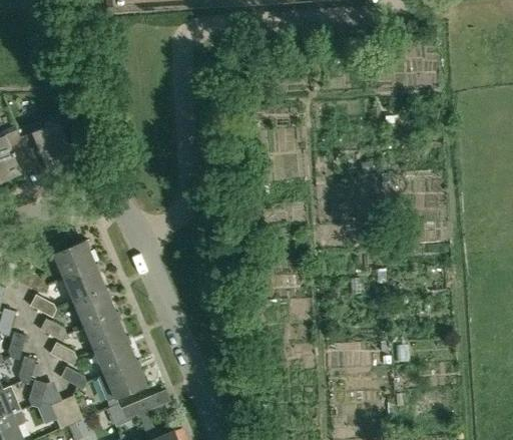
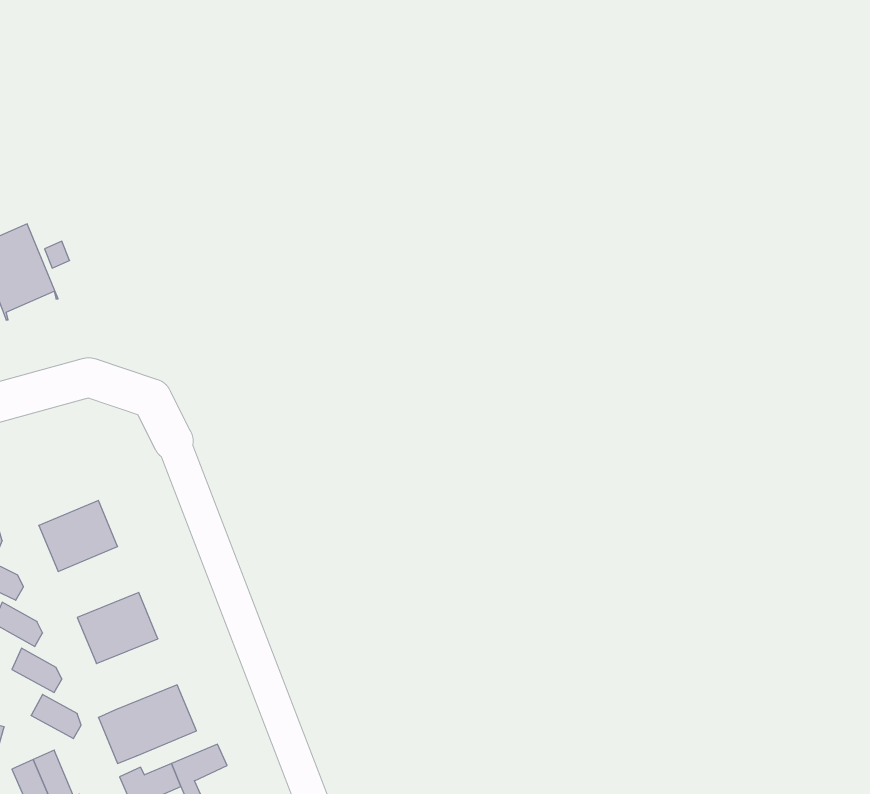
building: [53,240,95,278] -> none
building: [74,289,116,326] -> none
building: [94,337,136,374] -> none

